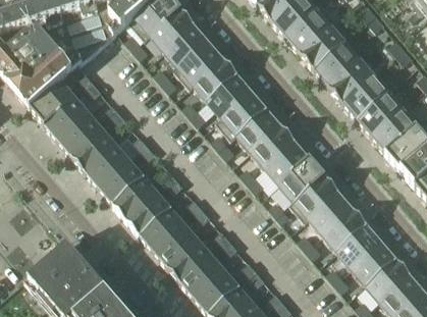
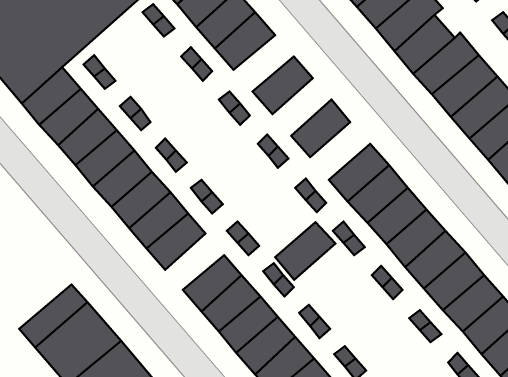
building: [190,53,235,96] -> none
building: [219,86,264,129] -> none
building: [248,119,293,163] -> [275,222,336,280]
building: [138,204,182,247] -> none

